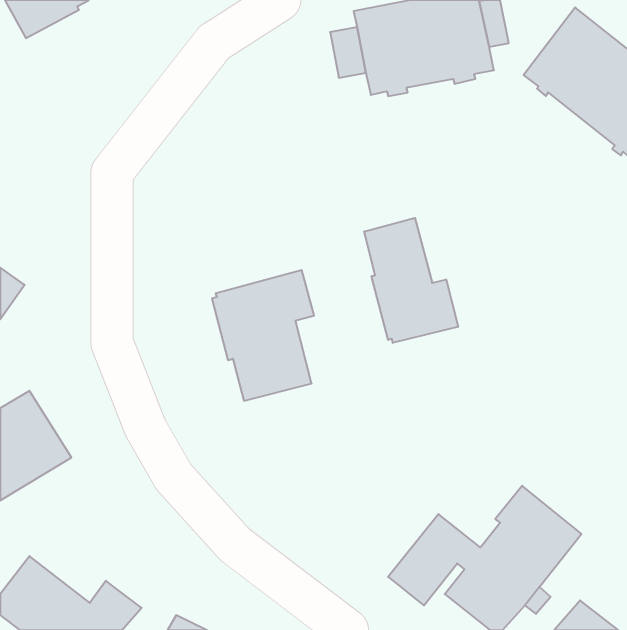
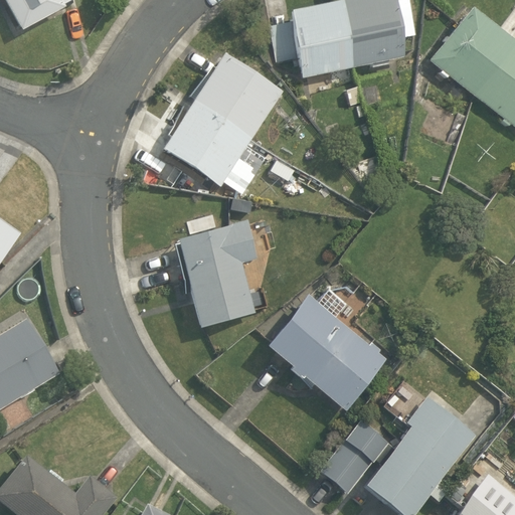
building: none -> [161,51,284,187]
building: [364,218,458,343] -> none
building: none -> [268,295,388,409]

